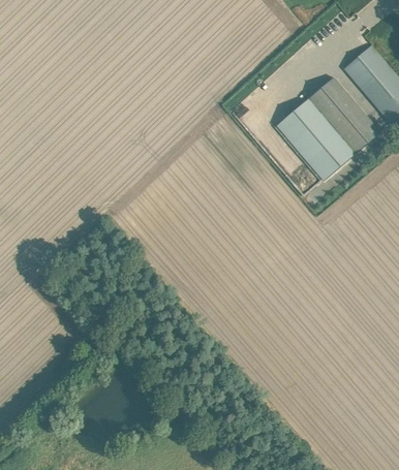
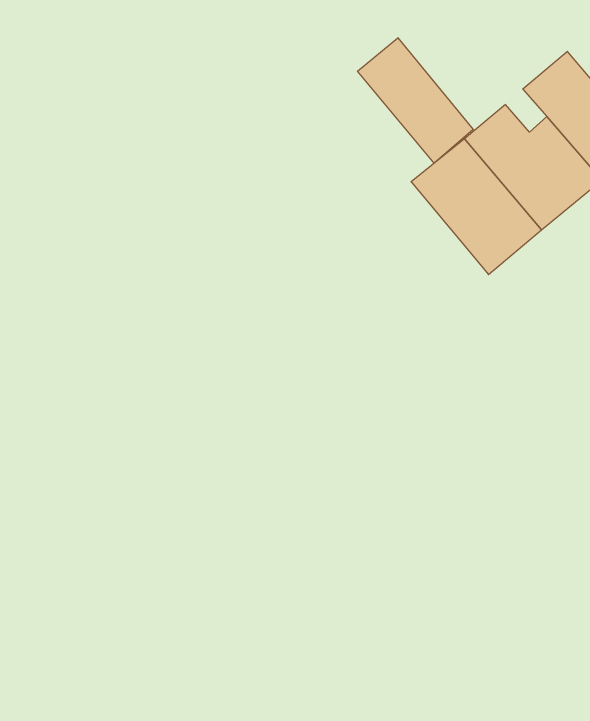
building: none -> [358,38,473,163]

